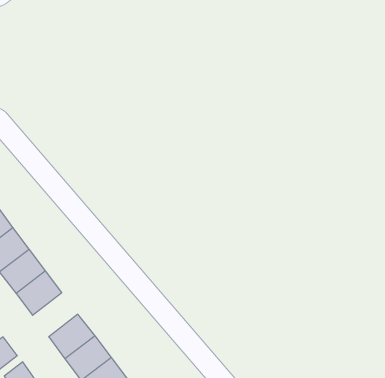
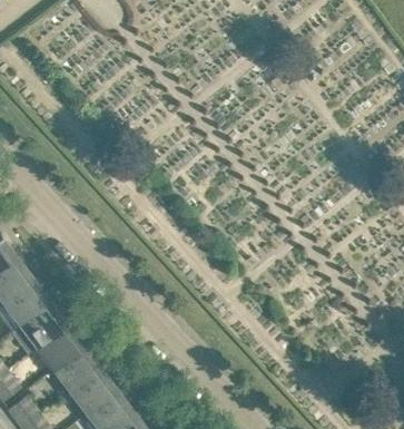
building: none -> [37,325,83,371]

